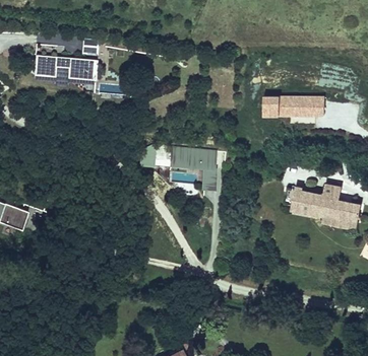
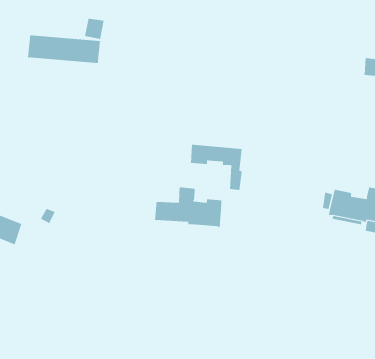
building: [263,97,323,117] -> none
building: none -> [155,187,222,228]

